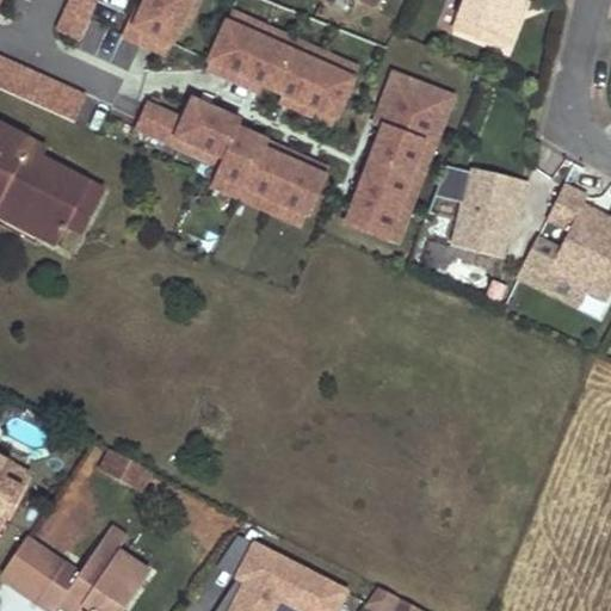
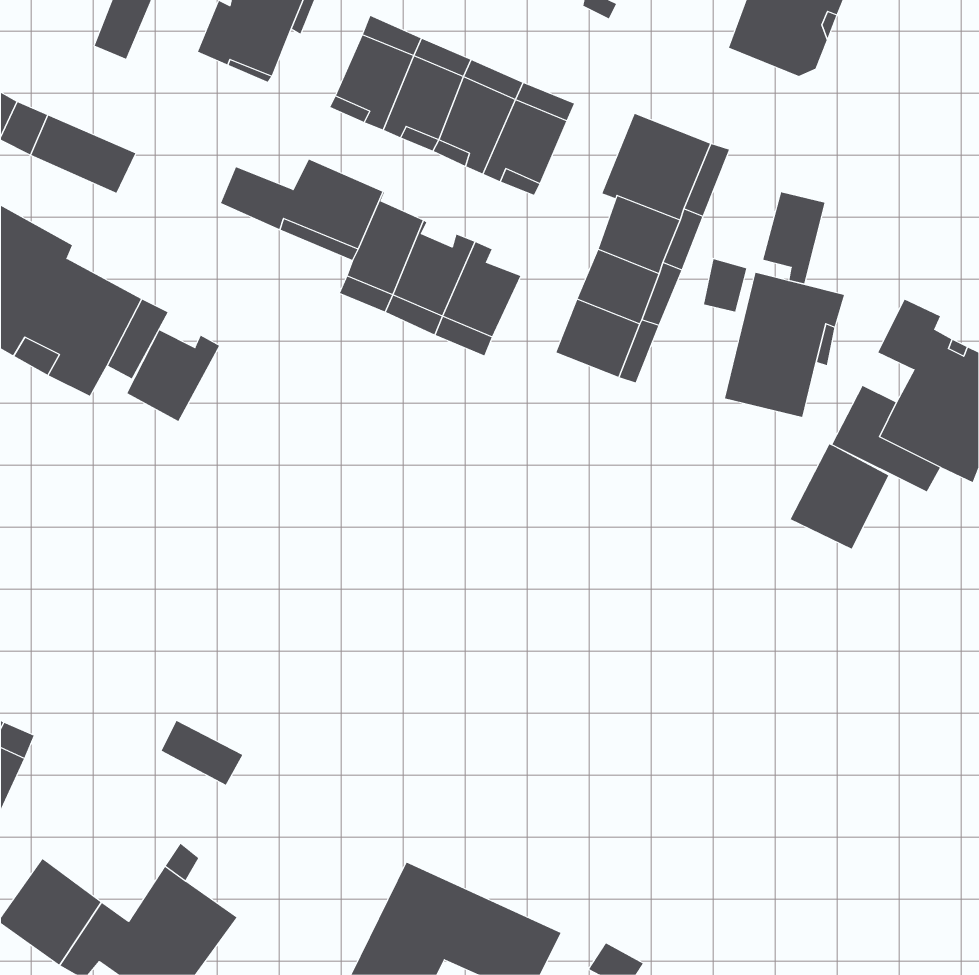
building: none -> [762,192,825,284]
building: none -> [127,330,220,422]
building: none -> [790,444,889,550]

